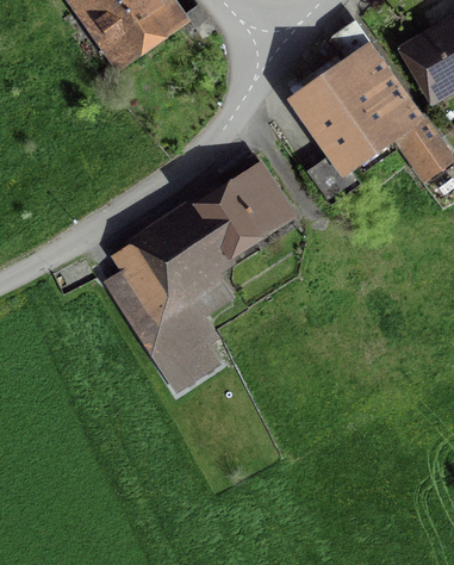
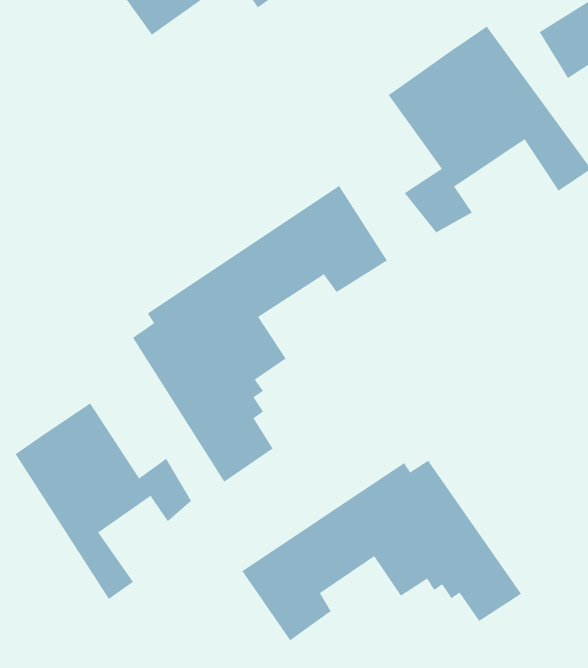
building: none -> [15,403,192,600]
building: none -> [241,460,522,641]

